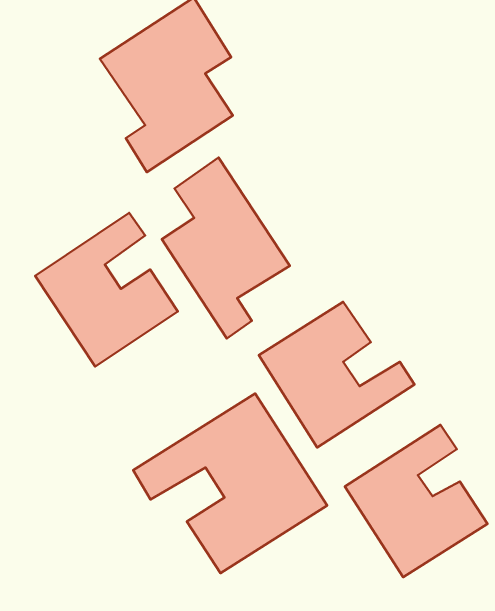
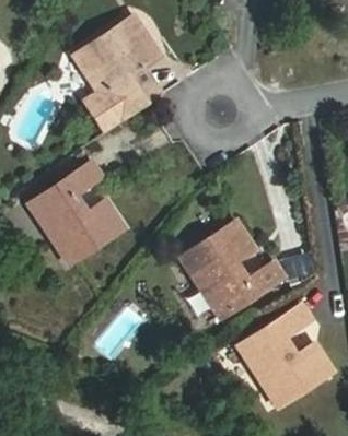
building: [162,157,290,339] -> none
building: [133,393,327,573] -> none

